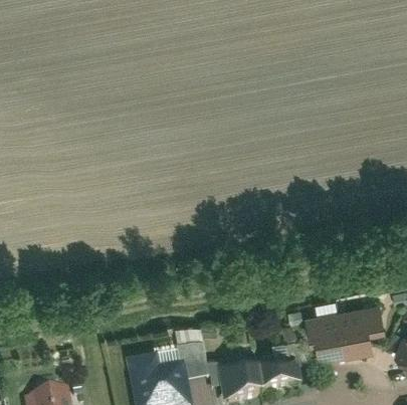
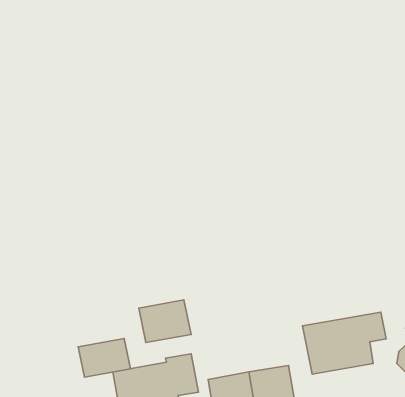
building: none -> [139,300,191,343]
building: none -> [78,338,130,377]

